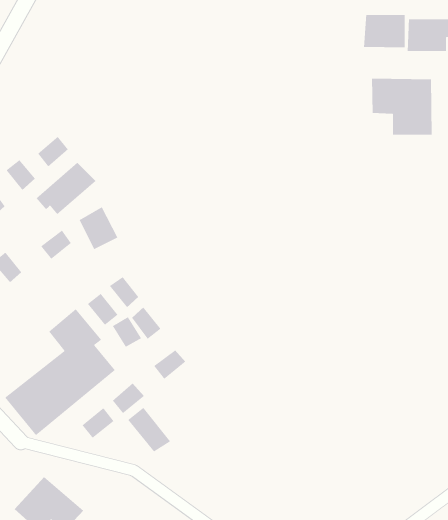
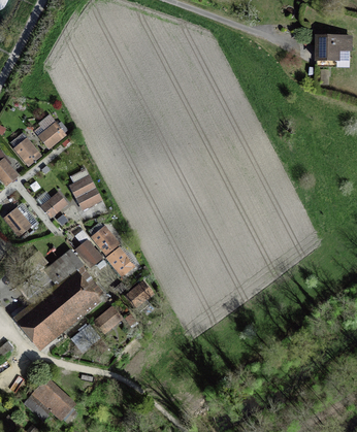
building: [363,14,405,48] -> none
building: [371,78,433,136] -> none
building: [36,162,96,215] -> none
building: [127,407,171,453] -> none

